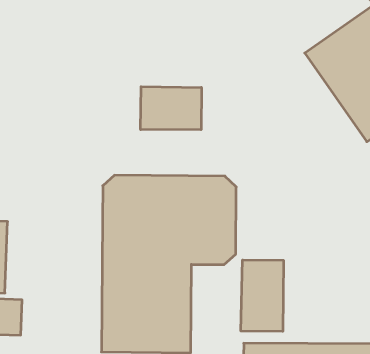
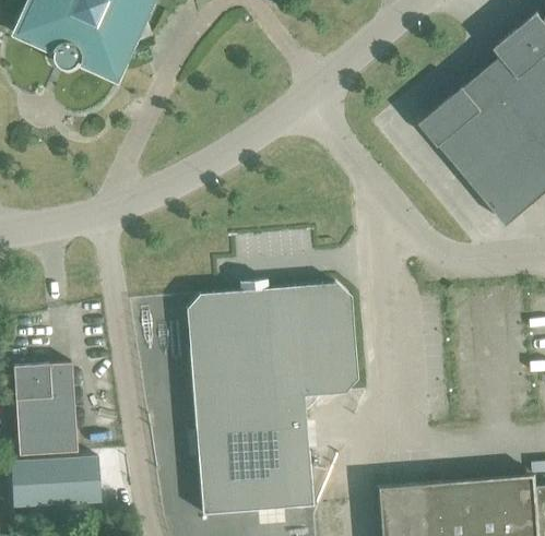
building: [141,87,201,130] -> none
building: [241,260,283,331] -> none

